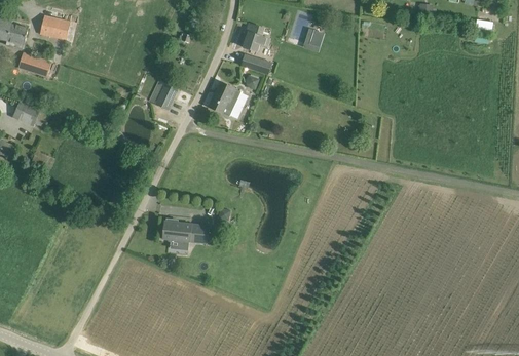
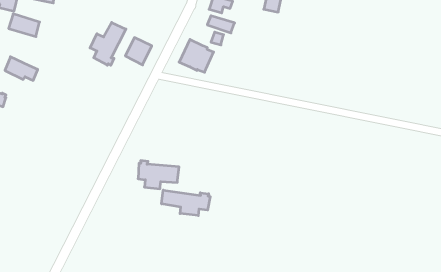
building: none -> [90,22,126,65]
building: none -> [162,190,210,216]

